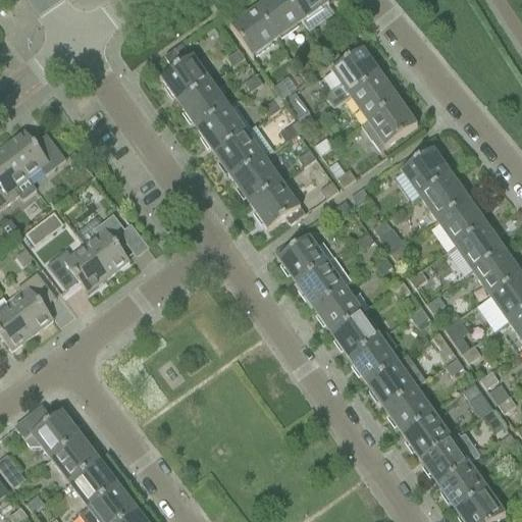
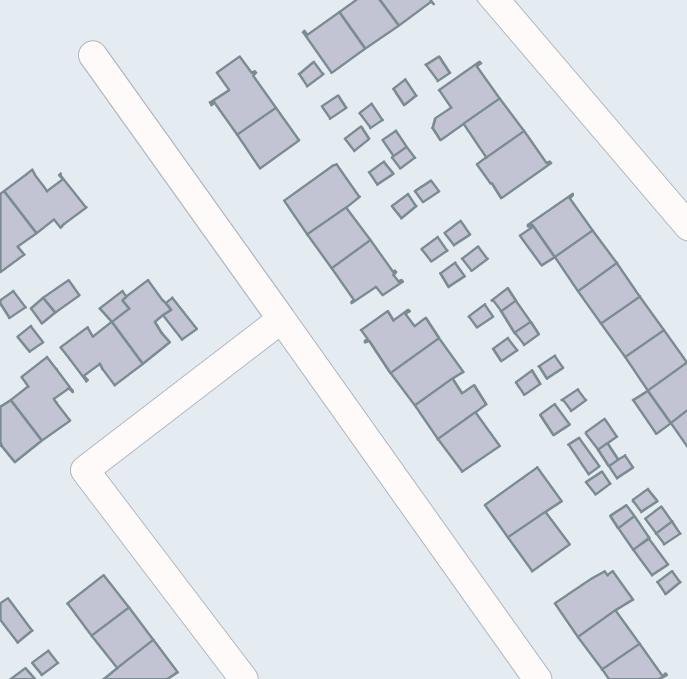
building: [198,101,253,152] -> none
building: [351,331,397,382] -> none
building: [19,406,80,457] -> none
building: [404,412,450,457] -> none

